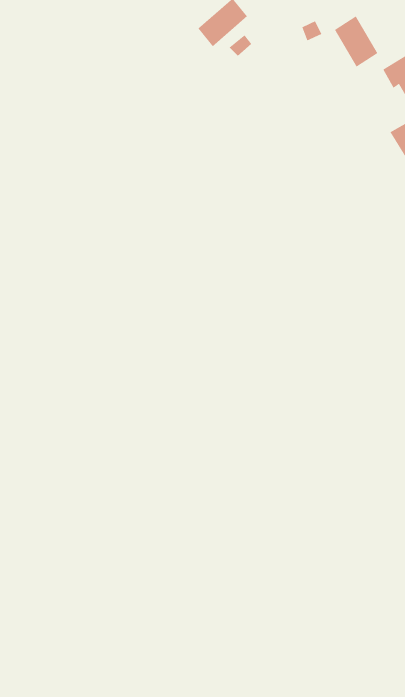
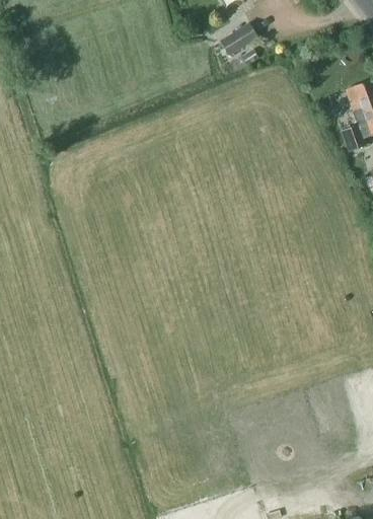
building: [334,16,378,67] -> none

